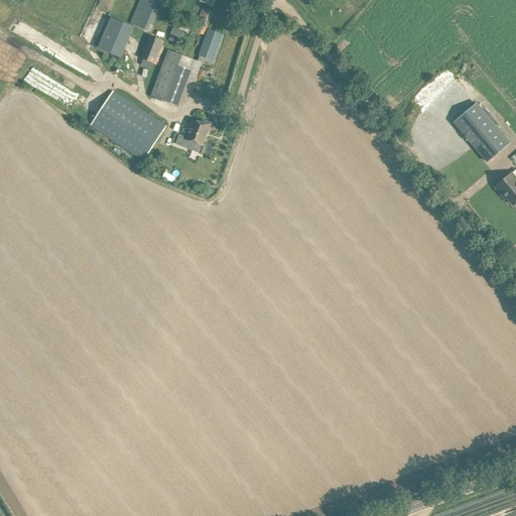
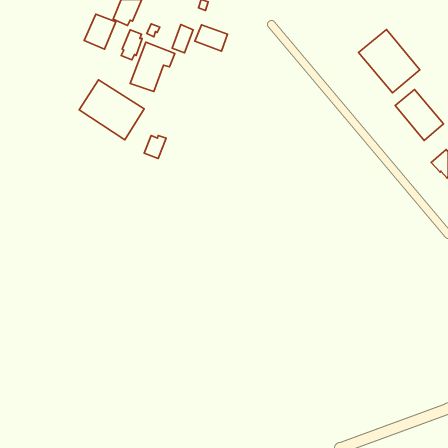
building: none -> [195,25,228,51]
building: none -> [358,30,420,93]
building: [185,119,211,145] -> [144,136,166,158]

